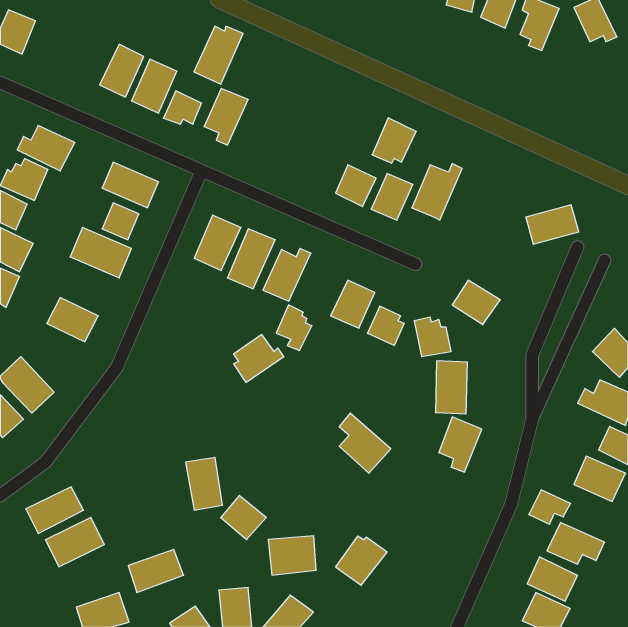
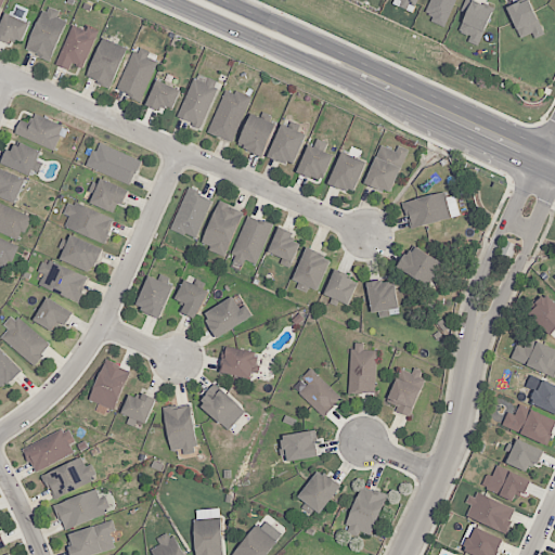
building: none -> [24,10,66,61]
building: [194,26,243,84] -> [207,90,250,141]
building: none -> [57,25,95,67]
building: [372,118,416,163] -> [267,124,306,164]
building: none -> [237,116,273,156]
building: [526,205,579,244] -> [401,192,448,227]
building: none -> [60,234,100,272]
building: [276,305,312,350] -> [268,227,299,267]
building: none -> [135,275,172,315]
building: none -> [173,280,207,318]
building: none -> [31,299,65,332]
building: [435,361,467,414] -> [349,348,377,395]
building: none -> [221,347,255,377]
building: none -> [90,362,130,409]
building: none -> [121,393,156,423]
building: [529,490,571,524] -> [506,437,543,467]
building: [221,495,266,540] -> [198,387,238,426]
building: [268,536,316,575] -> [275,427,318,462]
building: [128,549,184,592] -> [55,491,104,529]
building: none -> [345,485,386,535]

